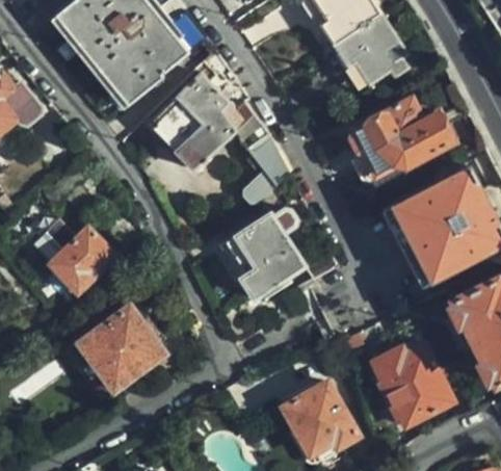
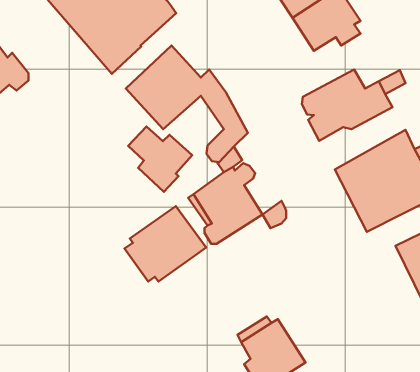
building: [38,219,111,293] -> [128,127,192,192]
building: [70,307,162,392] -> [124,206,206,282]
building: [370,345,449,427] -> none

